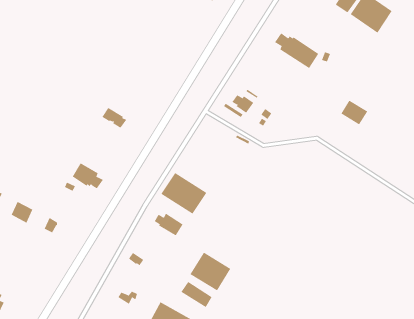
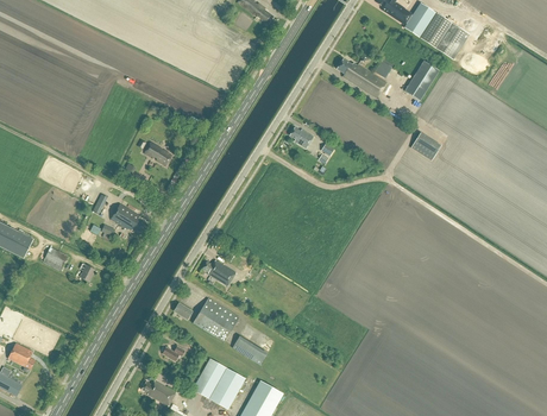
building: none -> [404,61,439,101]
building: [161,172,207,215] -> none
building: [190,252,231,291] -> [193,298,239,342]

